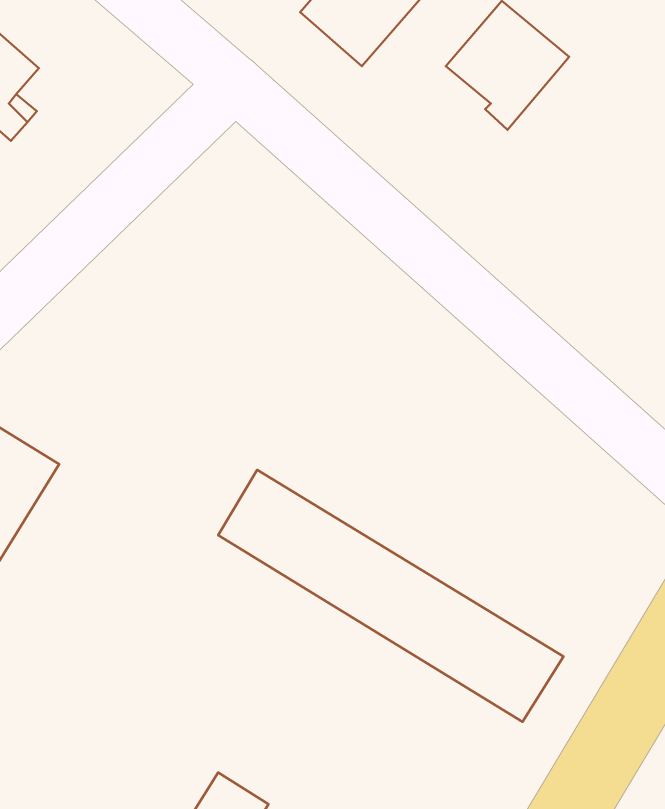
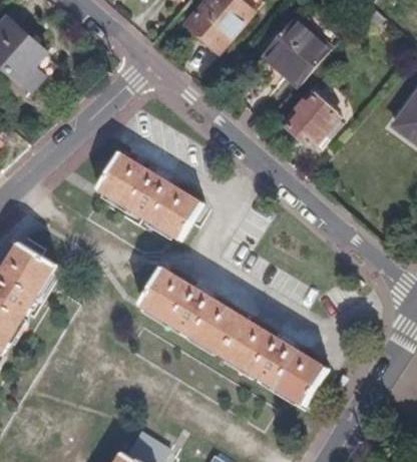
building: none -> [284,91,342,147]
building: none -> [98,153,204,241]

